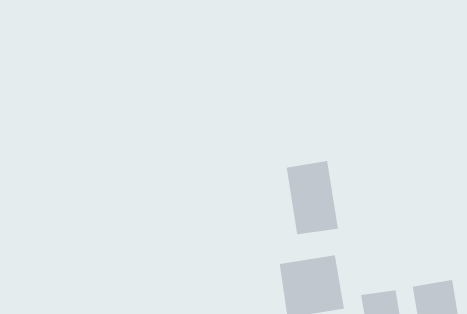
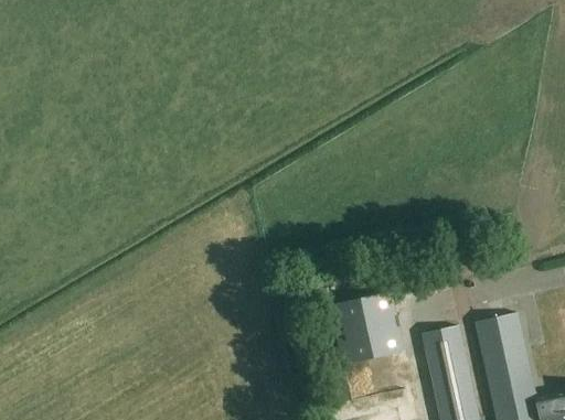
building: [286,160,339,235] -> none

